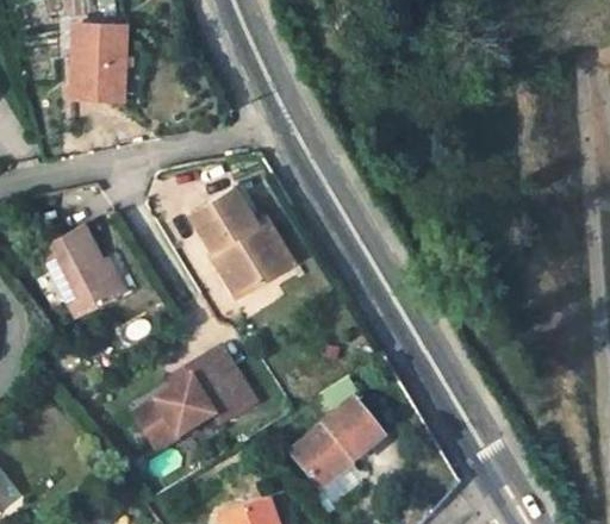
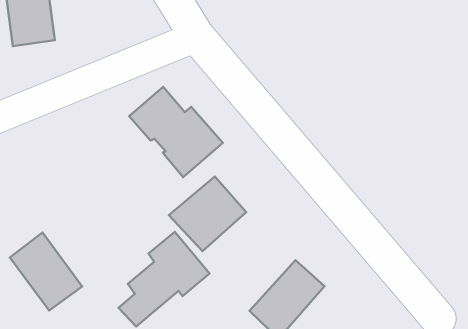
building: [38,224,117,316] -> [10,232,82,310]
building: none -> [169,177,246,251]

